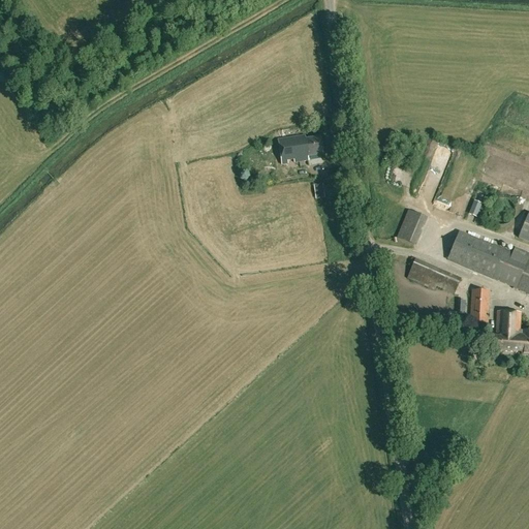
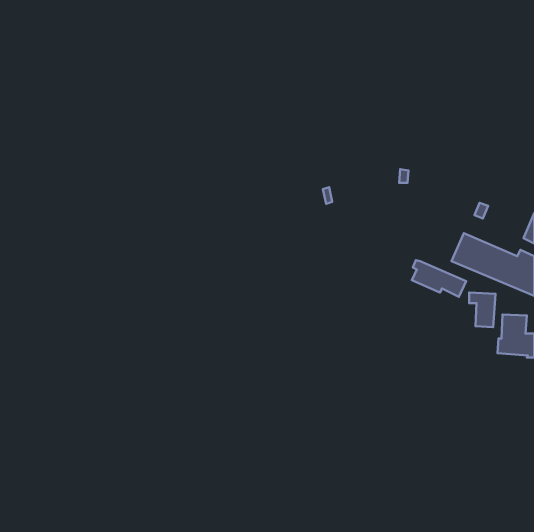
building: [278,135,322,164] -> none
building: [401,210,431,243] -> none

